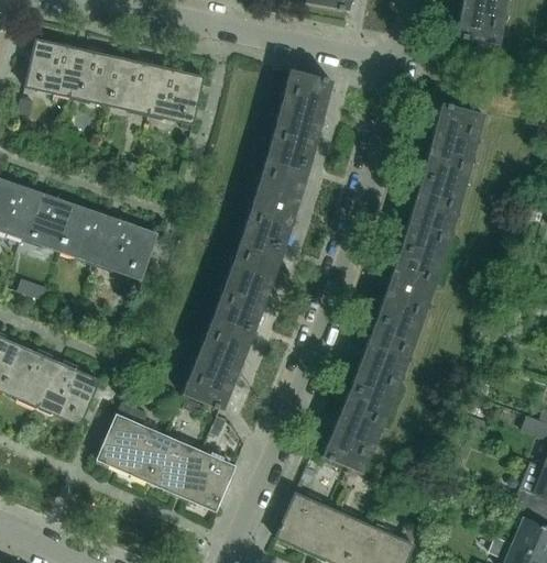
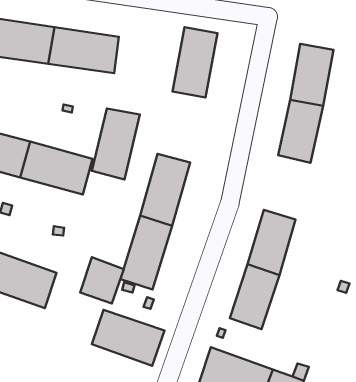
building: [243,153,311,247] -> [92,109,140,179]
building: [378,246,444,332] -> none
building: [98,413,157,476] -> [80,257,124,304]

